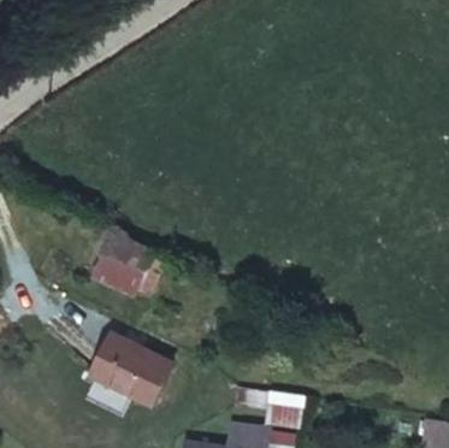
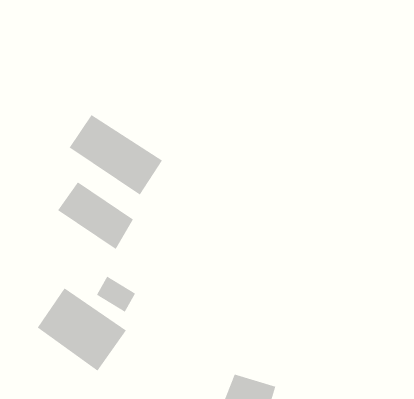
building: none -> [69,114,163,195]

